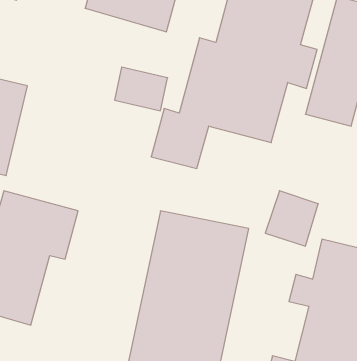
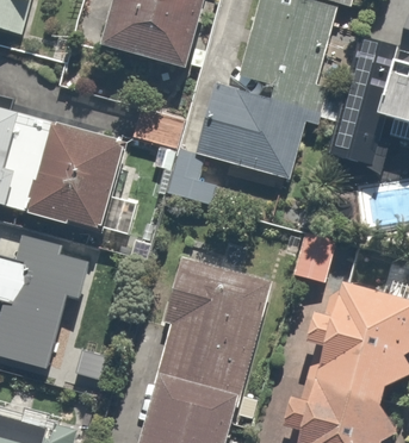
building: none -> [33,131,129,232]

